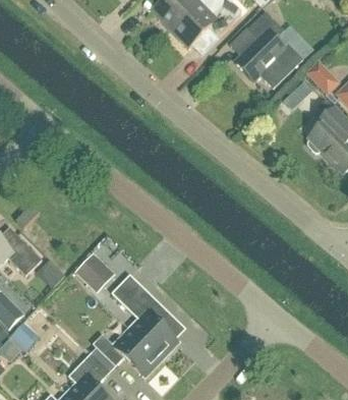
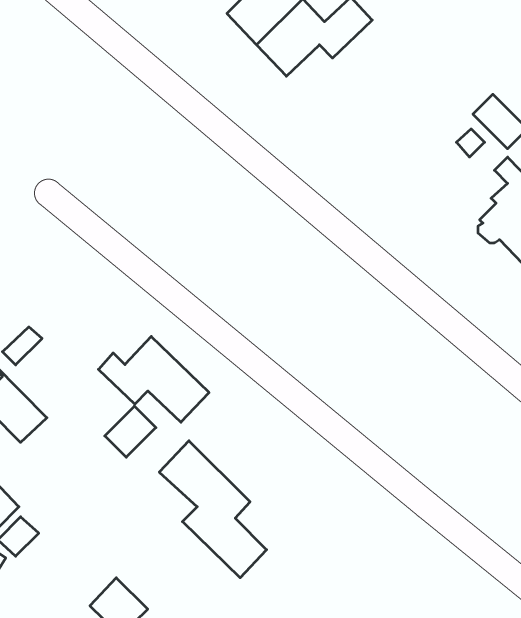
building: [234,11,302,88] -> none
building: [93,324,161,377] -> [98,336,209,422]

